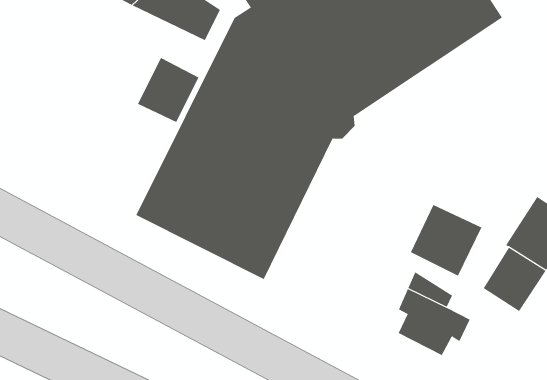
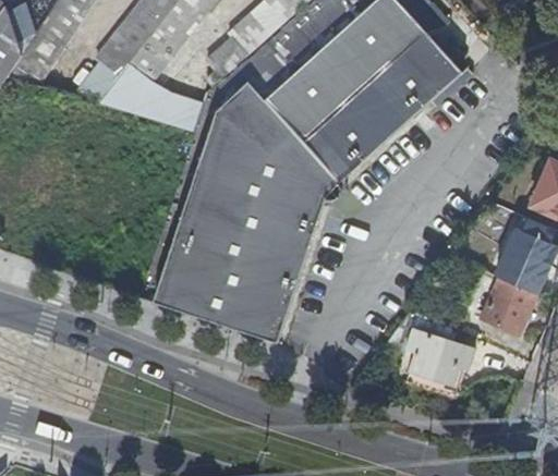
building: [137,57,199,123] -> none
building: [410,204,482,276] -> none

